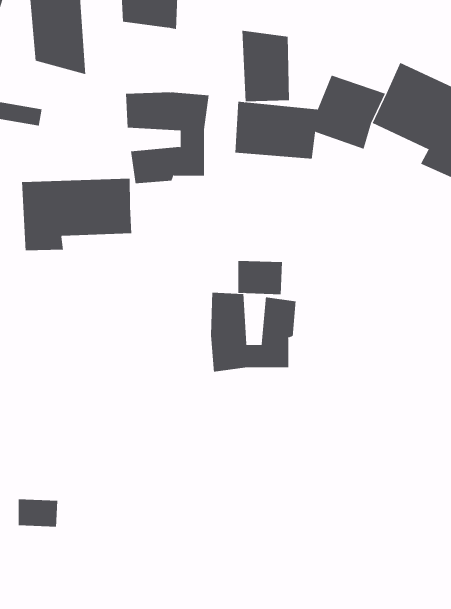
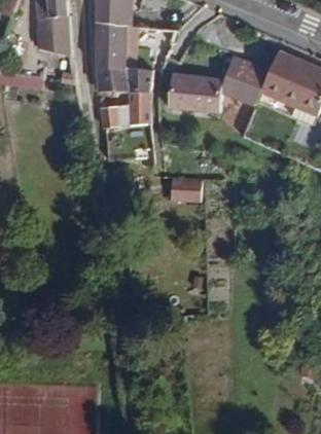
building: [242,30,290,102] -> [95,22,127,69]
building: [21,178,132,251] -> none
building: [210,292,296,373] -> none

